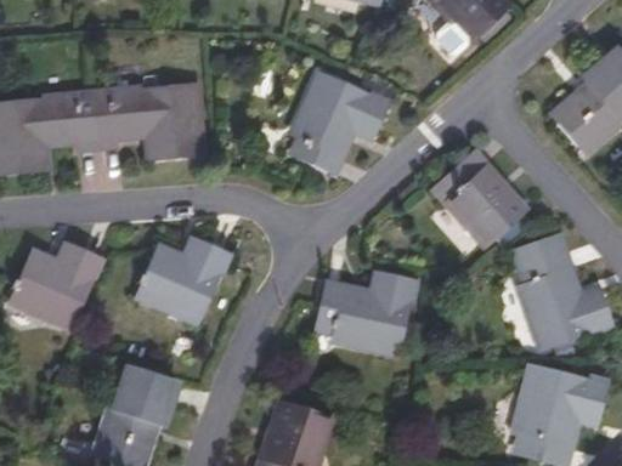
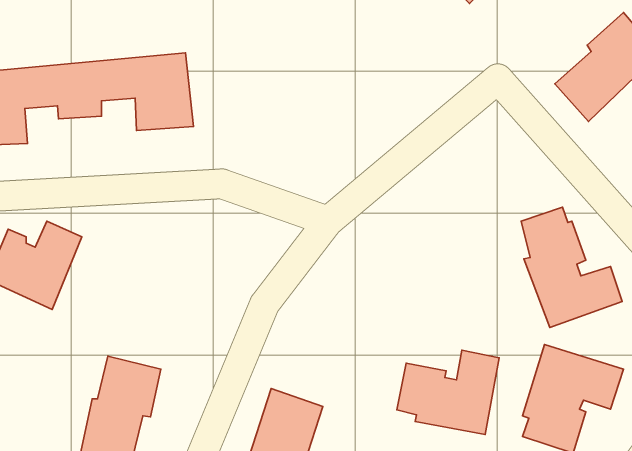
building: [288,73,385,174] -> none
building: [430,152,521,244] -> none
building: [138,239,227,320] -> none
building: [315,271,411,350] -> [397,350,499,434]

